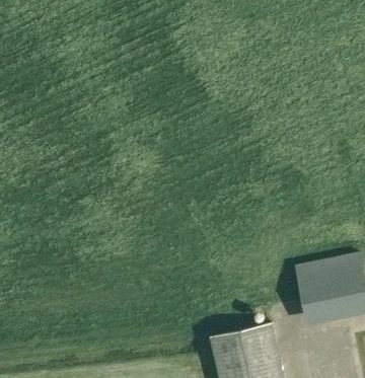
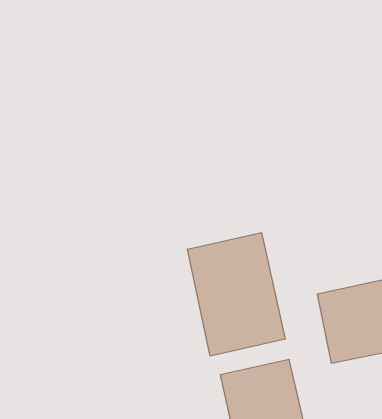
building: none -> [188,233,285,356]

